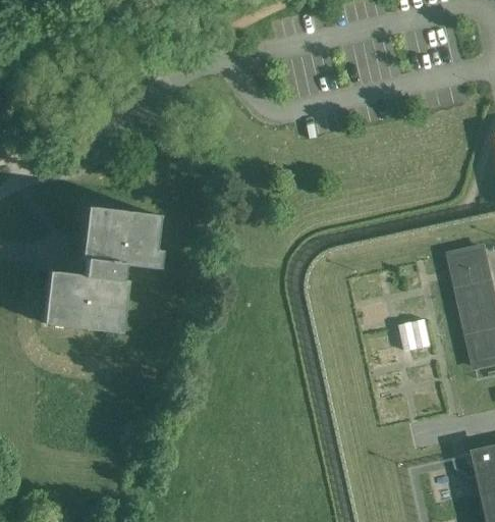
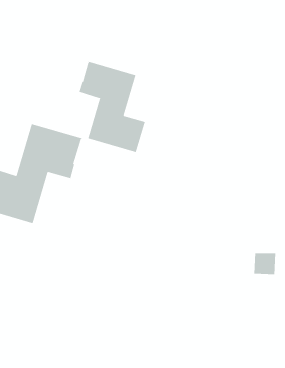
building: none -> [79,61,146,153]

